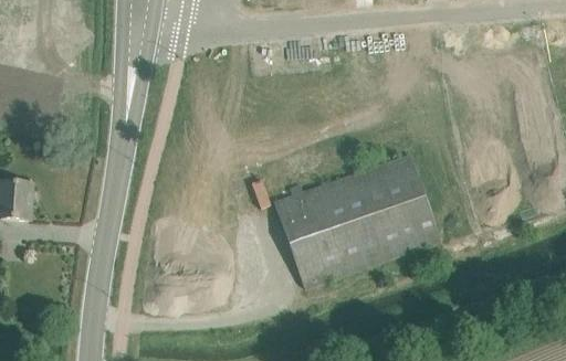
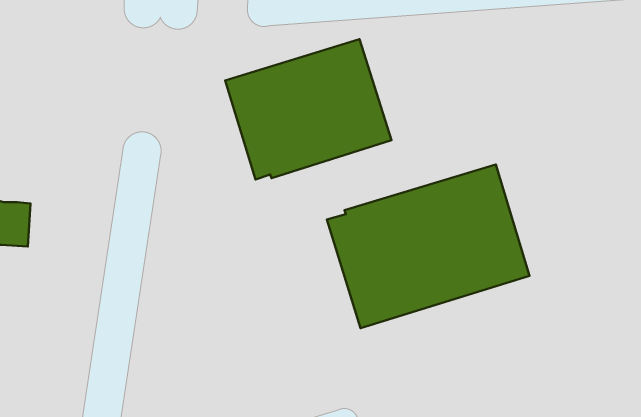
building: none -> [225,39,391,179]

